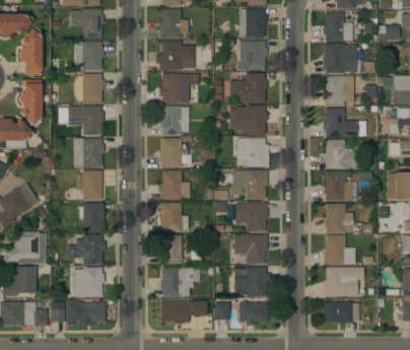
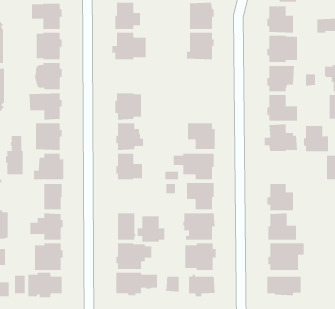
building: [160,73,199,102] -> none
building: [229,73,267,101] -> none
building: [229,106,267,135] -> none
building: none -> [6,135,23,175]
building: [324,171,351,200] -> [303,126,329,152]
building: [157,203,188,231] -> [137,216,165,242]

